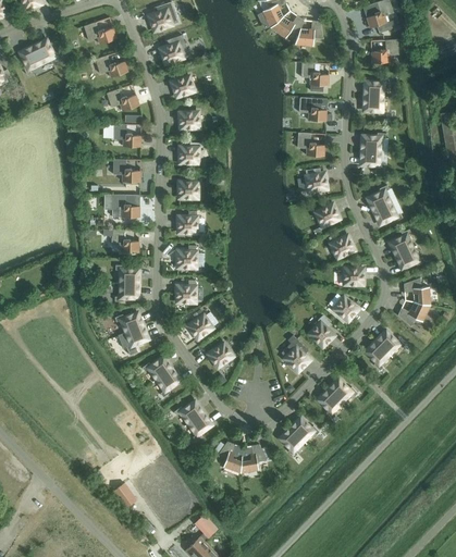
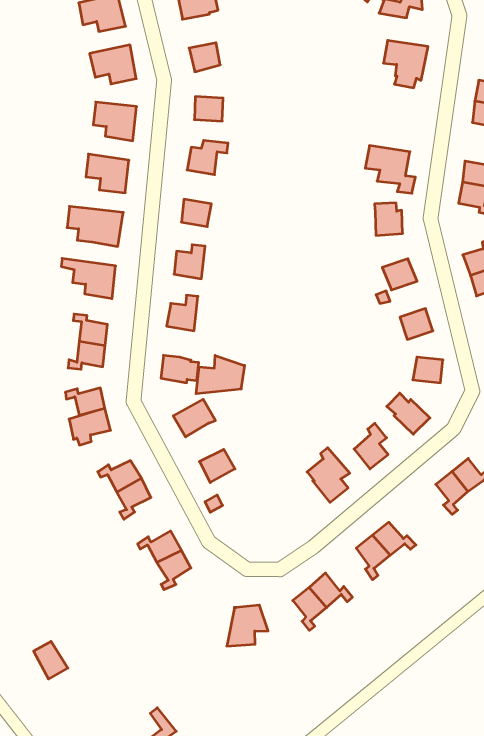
building: [297,96,330,120] -> none
building: none -> [196,355,245,394]
building: [215,441,241,472] -> none

